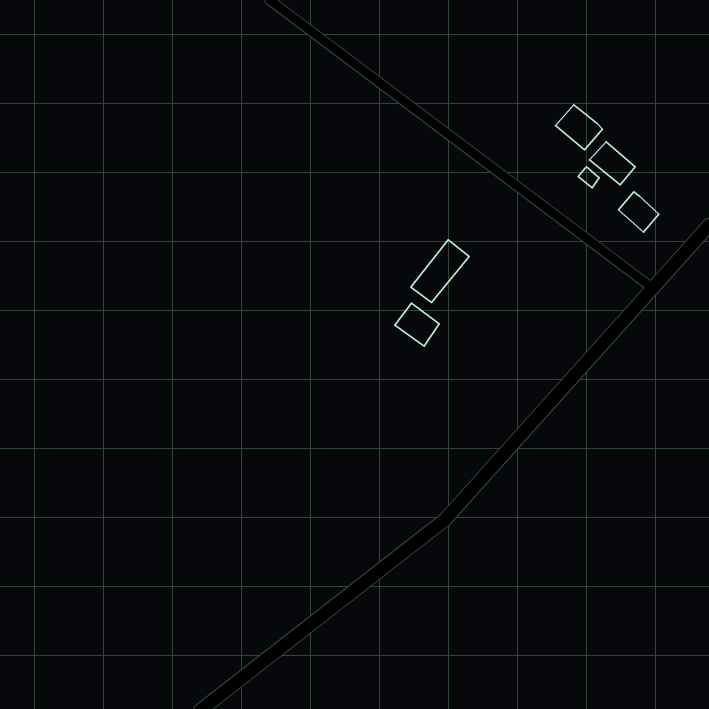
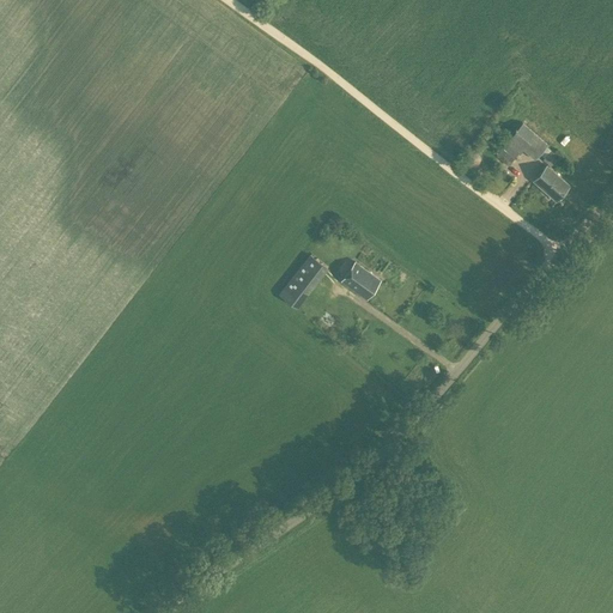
building: [556,105,603,150] -> none
building: [411,240,469,302] -> [277,255,327,309]

